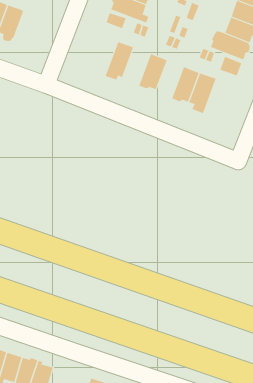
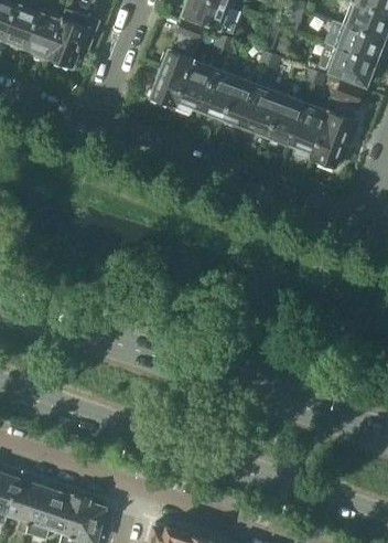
building: none -> [47,9,95,67]
building: none -> [151,51,193,107]
building: none -> [200,67,238,120]
building: none -> [246,85,283,138]
building: none -> [311,110,355,168]

